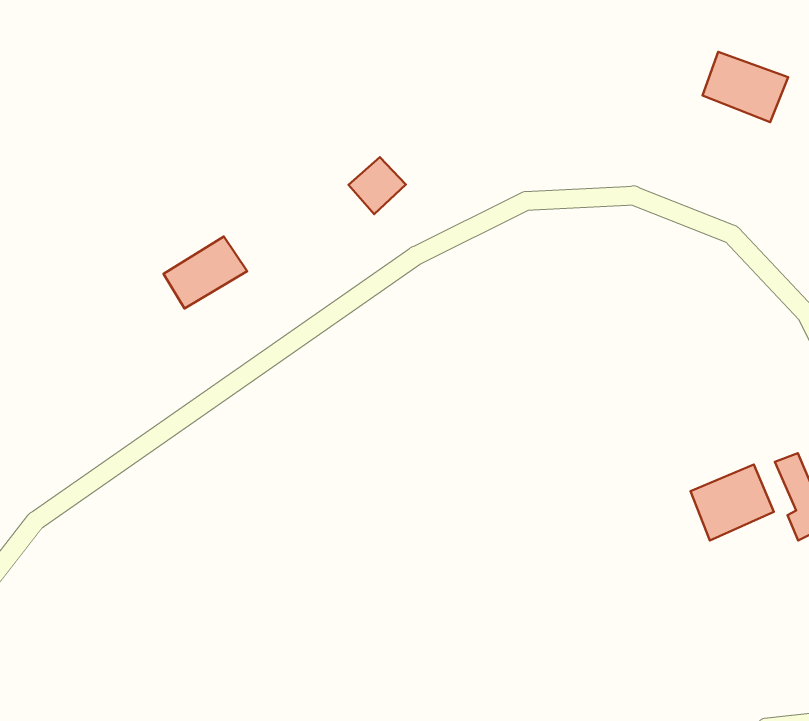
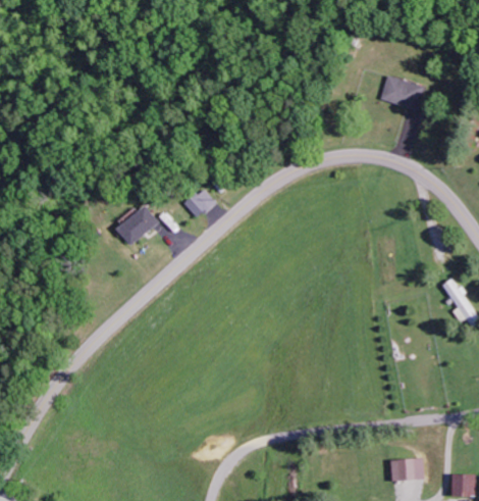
building: [348,157,406,214] -> [183,189,213,218]
building: [690,465,774,540] -> none

